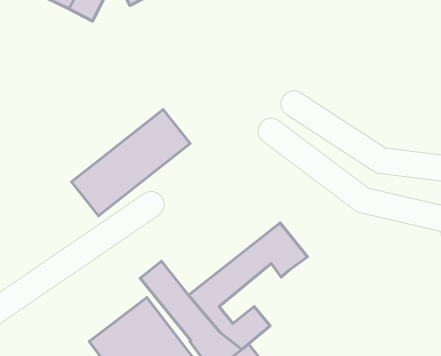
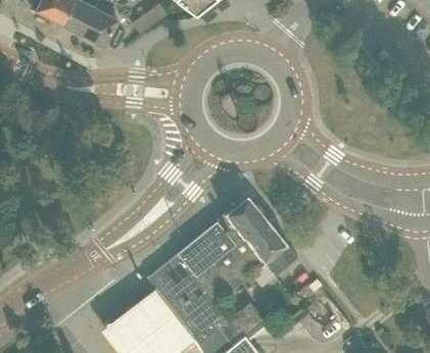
building: [71,109,190,216] -> [166,196,274,292]

